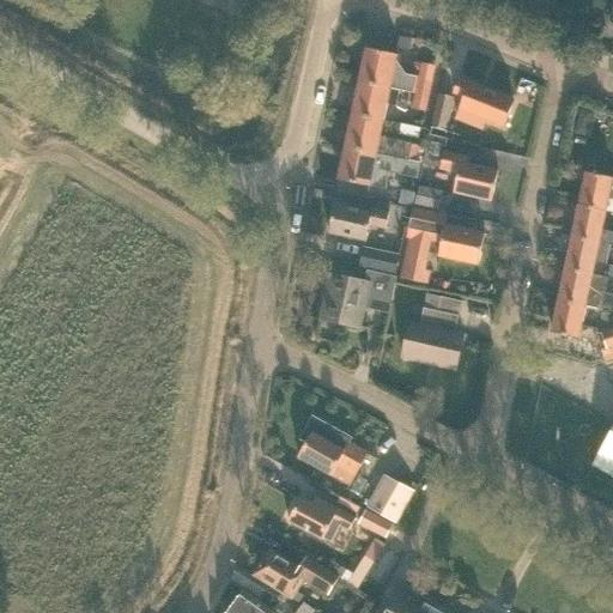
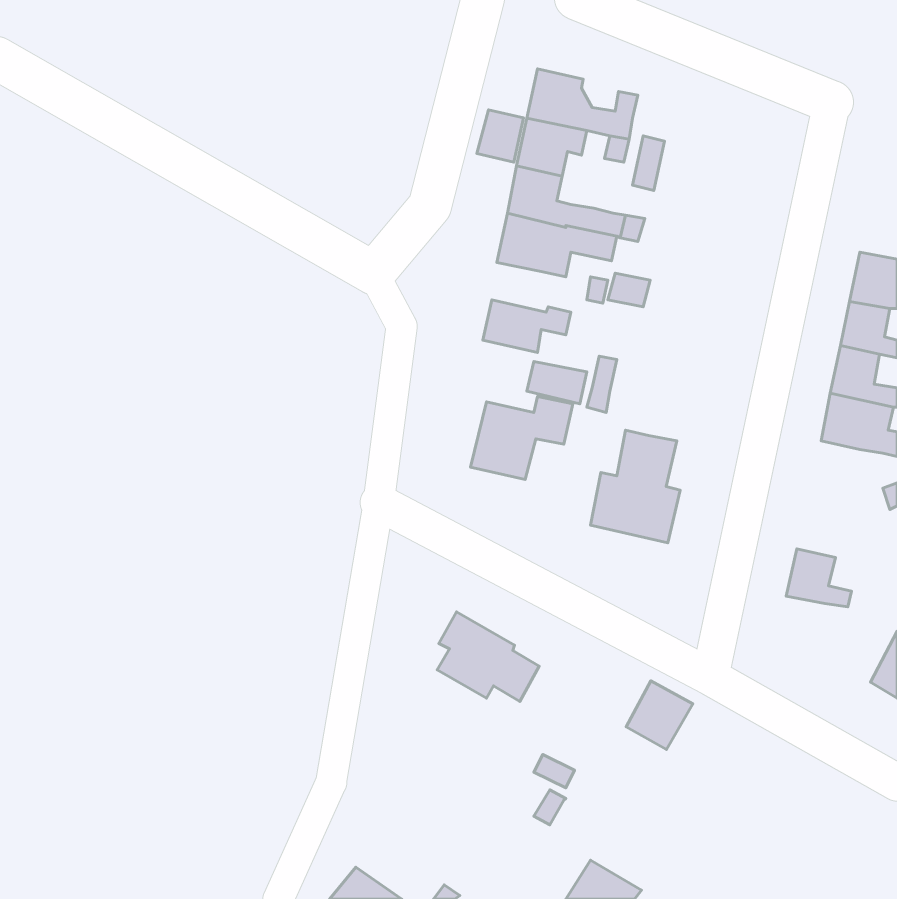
building: none -> [477,110,524,162]
building: [453,80,512,127] -> none
building: [439,151,497,199] -> none
building: [408,207,484,263] -> none
building: [551,299,595,339] -> [786,549,851,607]
building: [366,474,412,521] -> [626,681,693,750]
building: [287,496,354,538] -> none
building: [253,548,339,599] -> none

